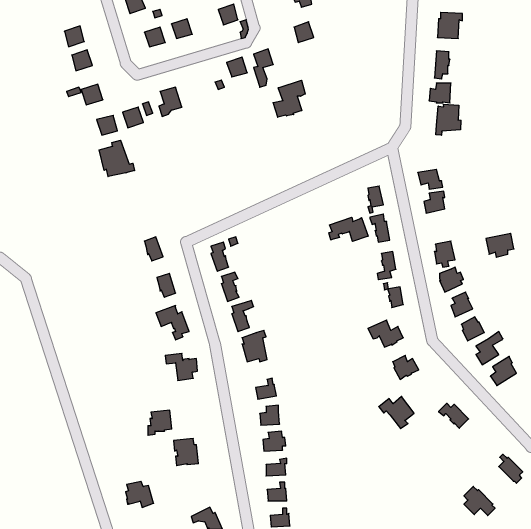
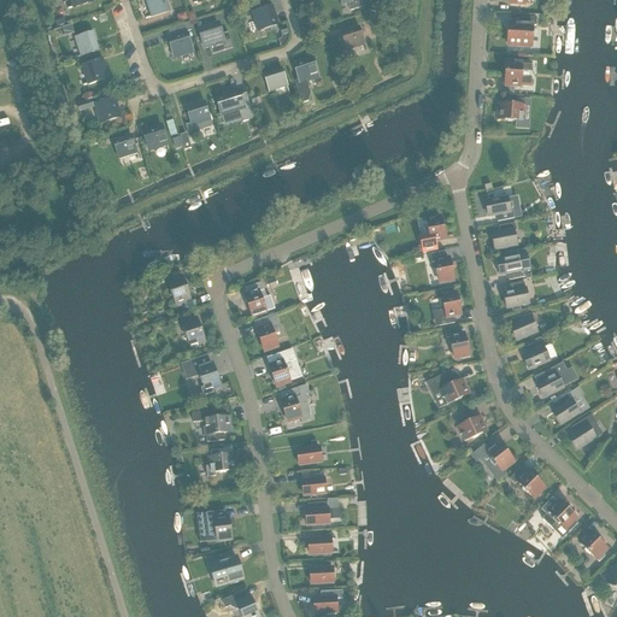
building: none -> [216,89,254,121]
building: [273,80,305,117] -> none
building: [436,104,461,135] -> none
building: [99,140,135,177] -> none
building: [329,217,368,241] -> none
building: [486,233,514,257] -> [496,251,529,278]
building: [379,396,414,429] -> [471,441,512,478]
building: [148,410,172,435] -> [206,446,234,475]
building: [126,481,154,507] -> [210,551,242,581]
building: [464,486,495,516] -> [541,496,577,530]

